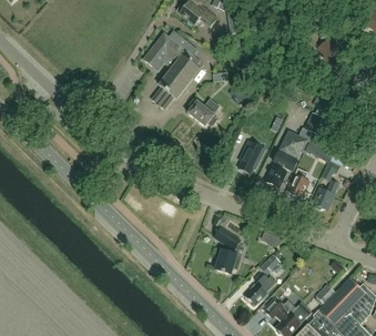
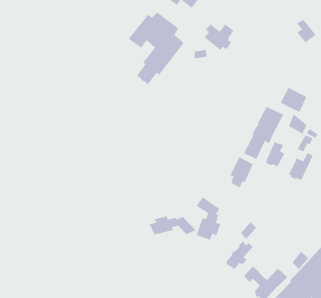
building: [187,98,220,126] -> [204,24,234,51]
building: [238,140,264,173] -> [230,157,254,188]
building: none -> [149,215,196,235]

